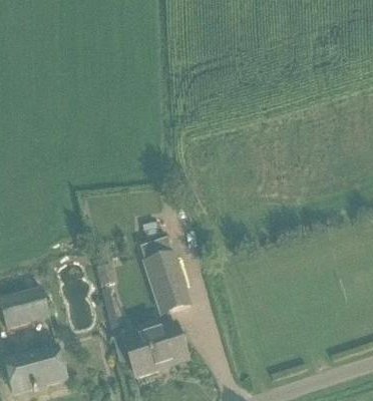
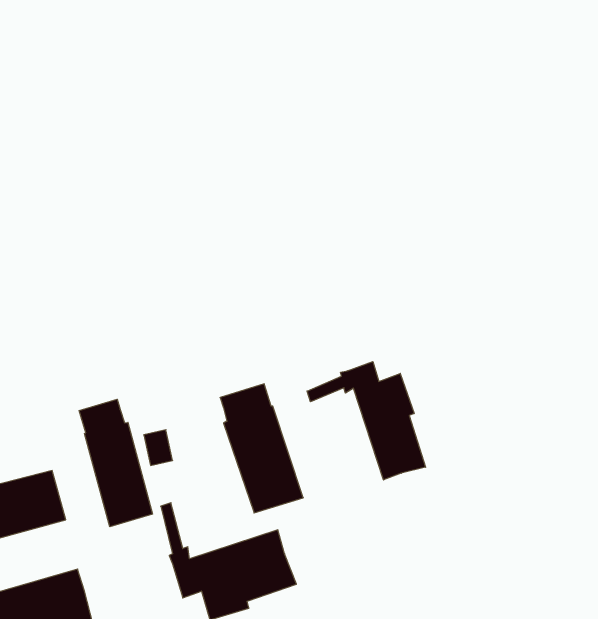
building: none -> [307,362,426,480]
building: none -> [79,399,152,527]

